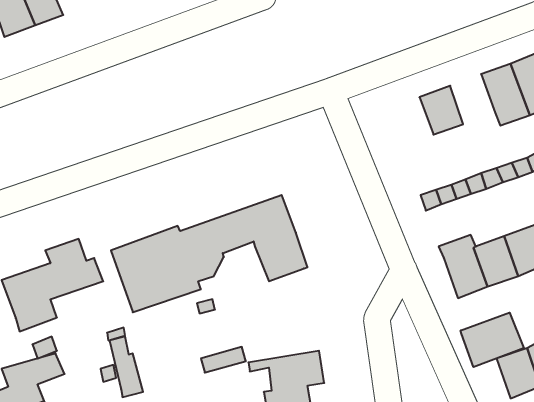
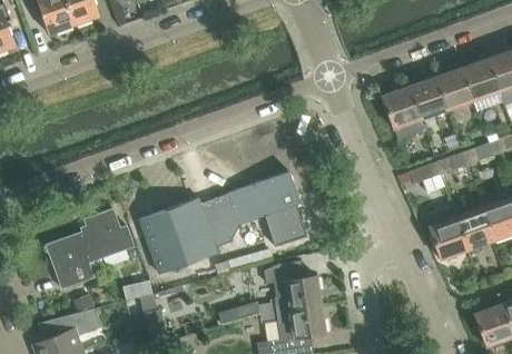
building: none -> [434,67,473,110]
building: none -> [382,87,424,140]
building: none -> [257,262,321,316]
building: [461,313,524,367] -> none

